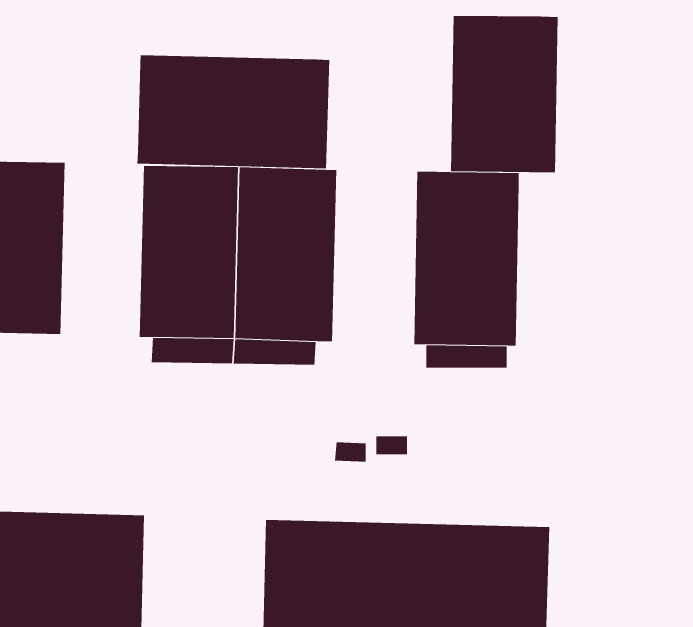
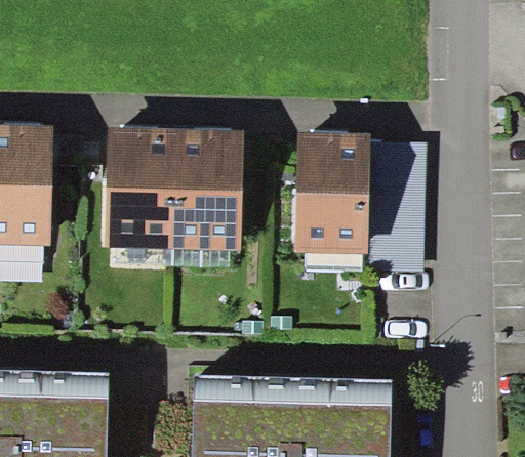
building: [450,15,558,173] -> none
building: [137,55,330,169] -> none
building: none -> [368,140,426,272]

